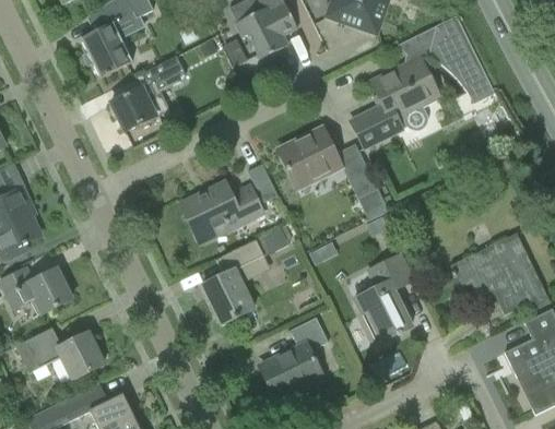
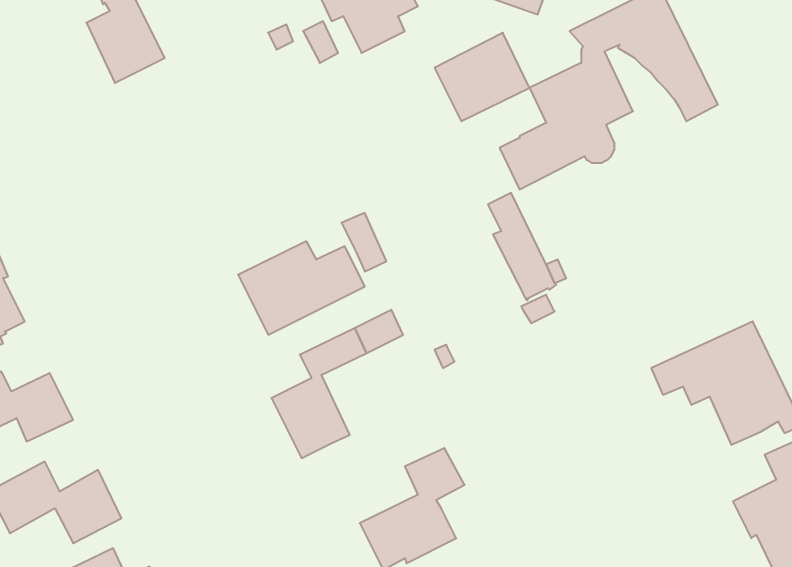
building: [114,57,185,131] -> none
building: [278,129,340,187] -> [435,33,530,121]
building: [353,254,412,344] -> none

